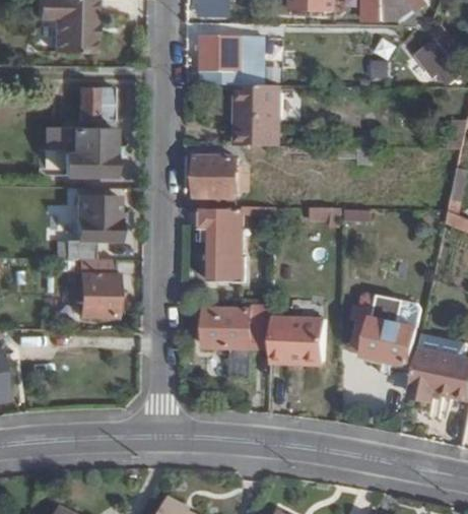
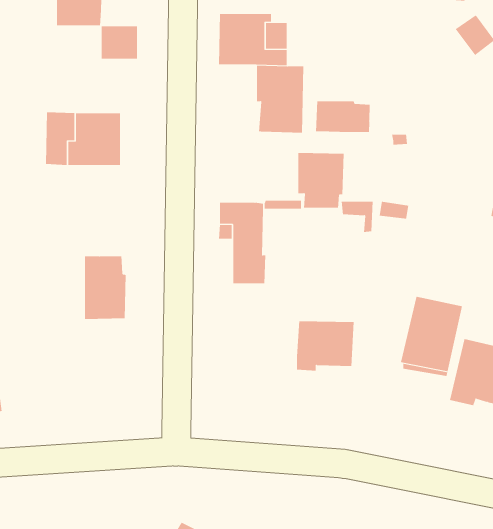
building: [77,87,111,118] -> [101,26,138,59]
building: none -> [315,101,370,133]
building: [195,157,238,208] -> [297,152,344,208]
building: [48,194,116,257] -> none
building: [200,303,272,378] -> none

